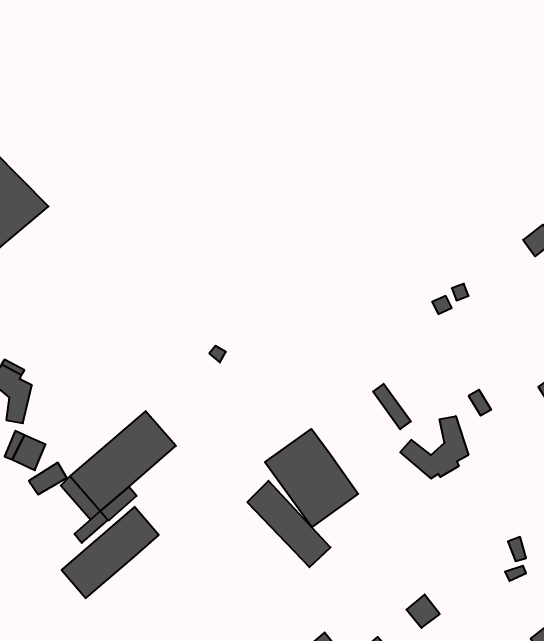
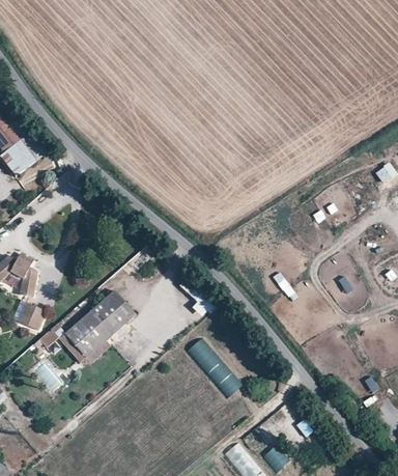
building: [400,416,468,479] -> none
building: [265,429,358,527] -> none
building: [62,507,159,598] -> none

